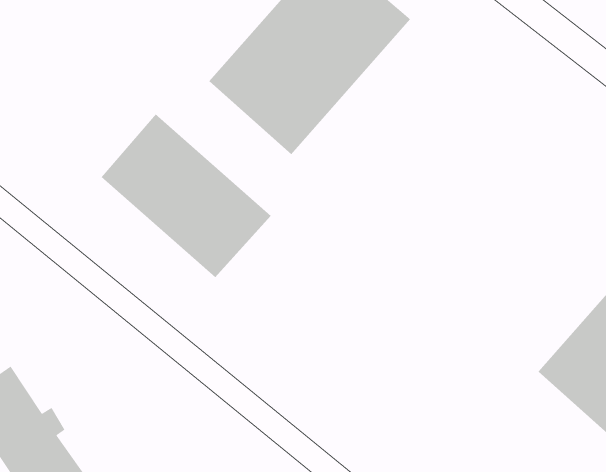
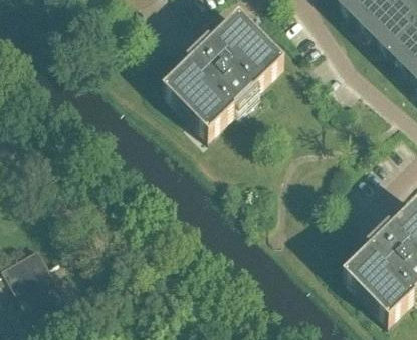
building: [100,113,272,278] -> none

